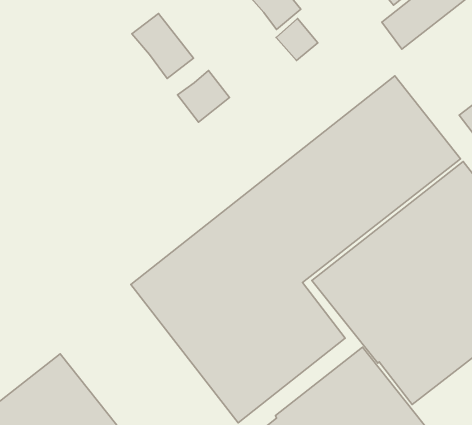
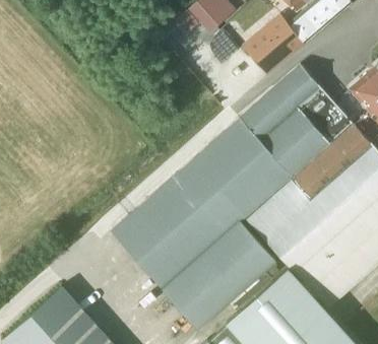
building: none -> [243,14,305,74]
building: [132,14,194,78] -> none
building: [177,70,229,122] -> none

